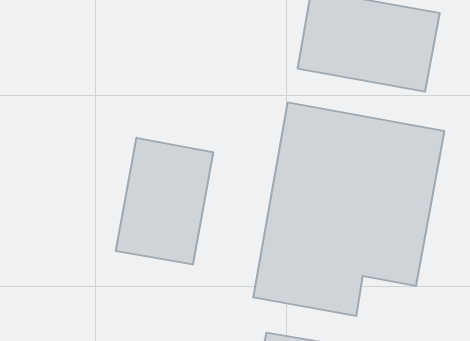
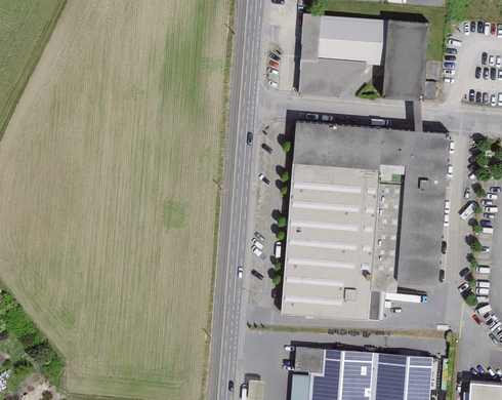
building: [116,138,213,265] -> none

